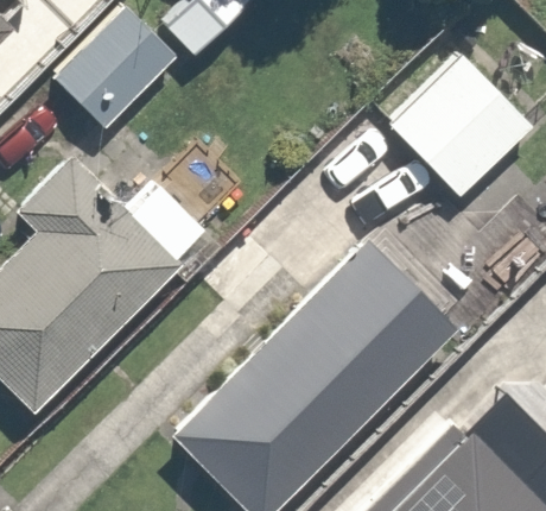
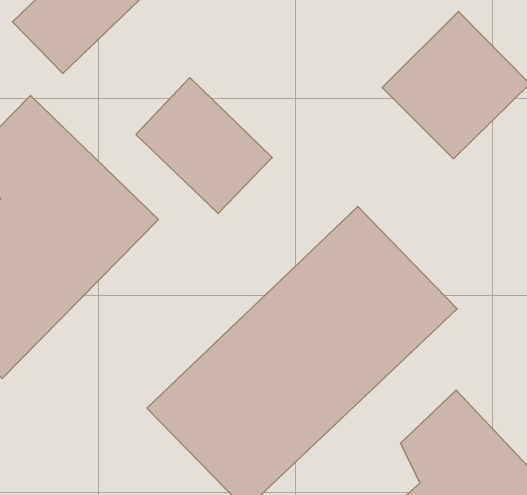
building: none -> [136,78,272,213]

